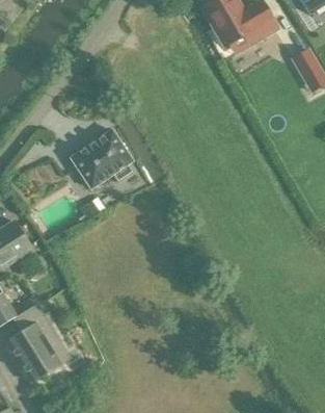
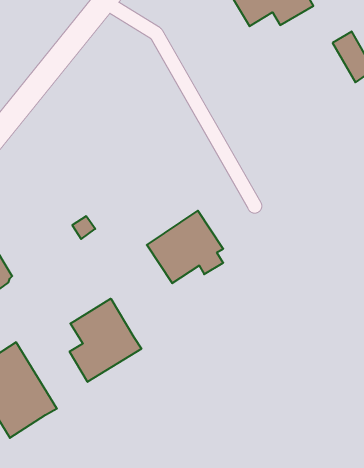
building: [71,130,133,189] -> [147,211,223,283]
building: none -> [70,299,141,382]

